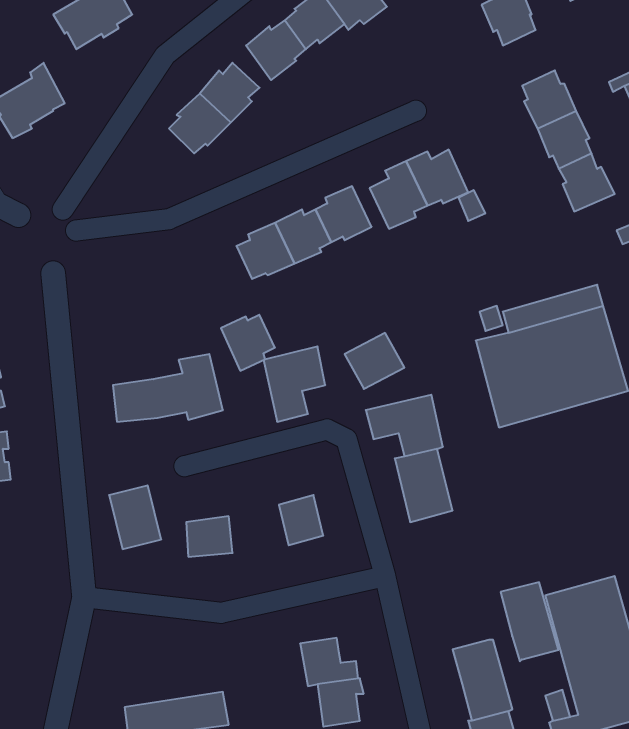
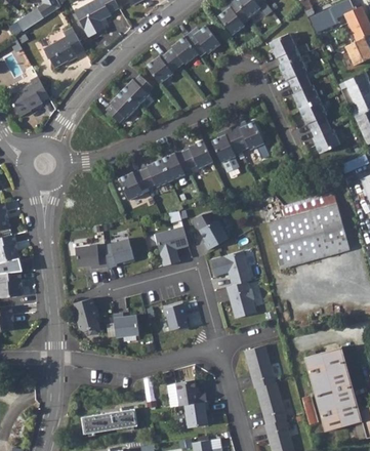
building: none -> [281,56,310,87]
building: [221,315,275,371] -> [120,172,149,202]
building: [501,582,558,661] -> [244,345,275,387]

